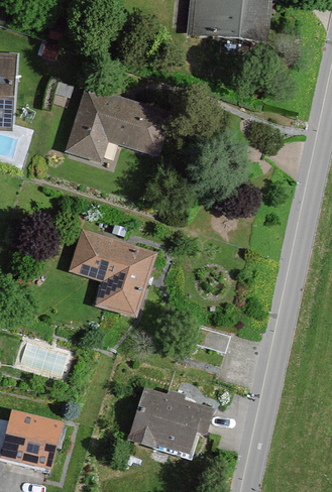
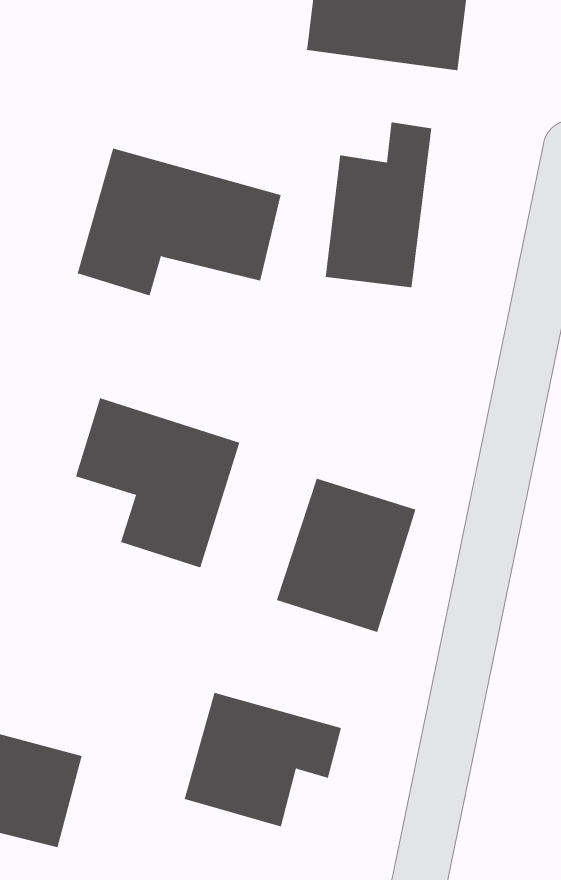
building: none -> [325,122,432,288]
building: none -> [276,478,416,633]

